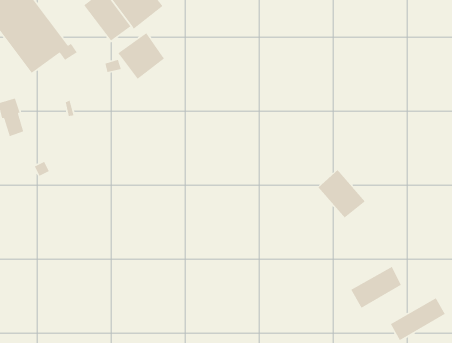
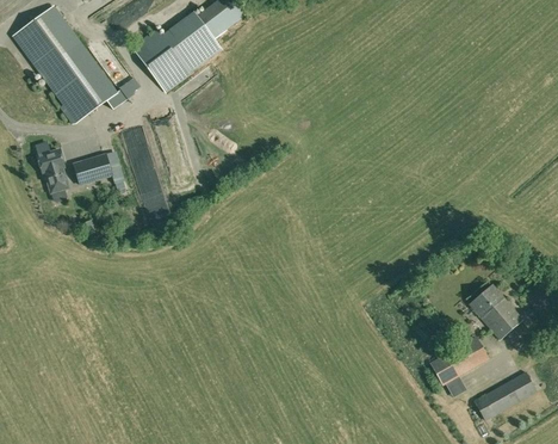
building: [117,32,165,80] -> none
building: none -> [74,154,112,185]
building: [318,169,366,219] -> [470,284,523,339]

